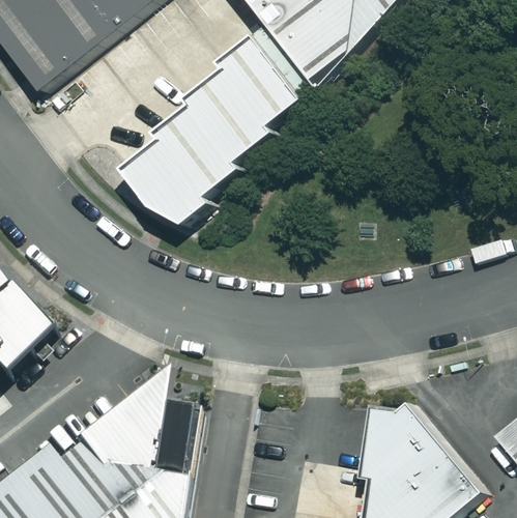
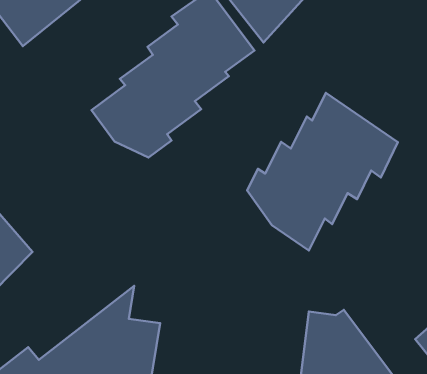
building: none -> [247,93,398,250]

